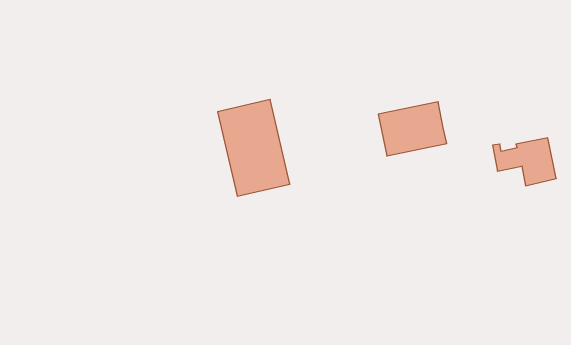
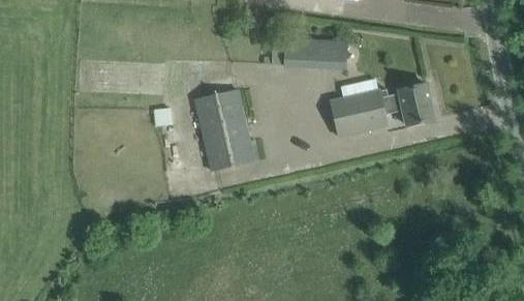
building: none -> [284,38,349,67]
building: [493,138,556,186] -> [379,85,433,125]

